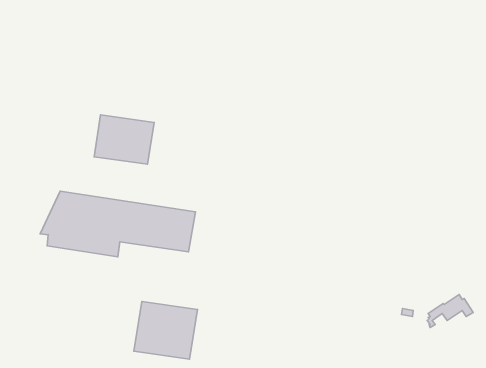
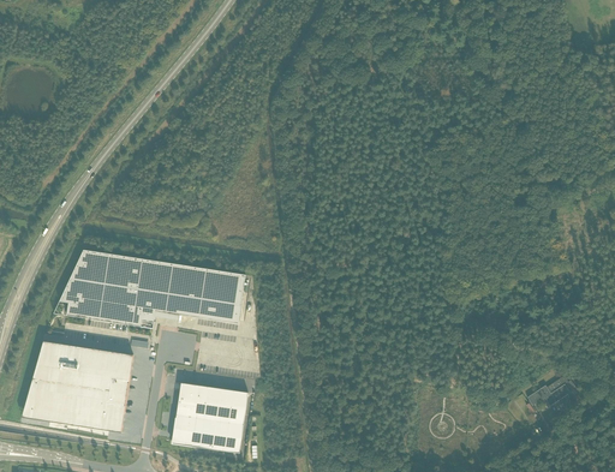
building: [94,115,154,164] -> none
building: none -> [20,341,132,432]

